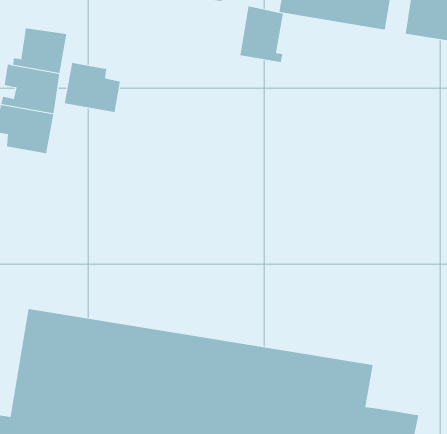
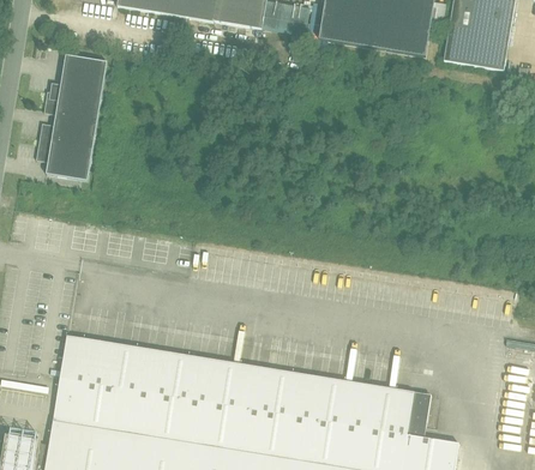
building: [240,6,284,63] -> none
building: [64,62,121,113] -> none
building: none -> [405,392,429,436]

